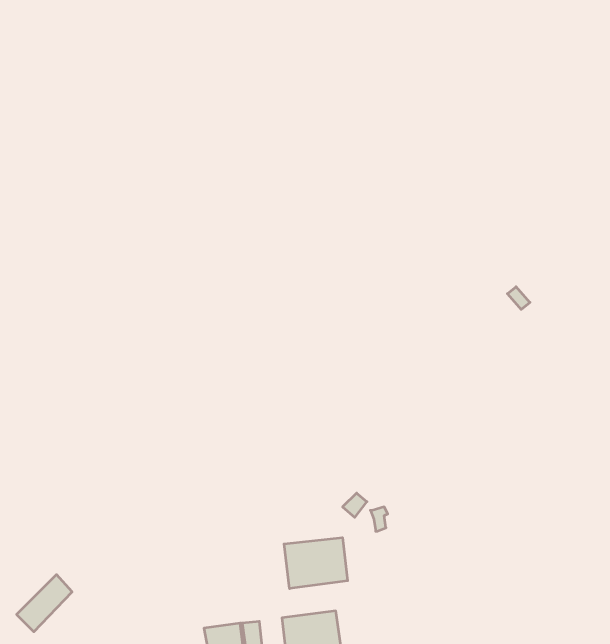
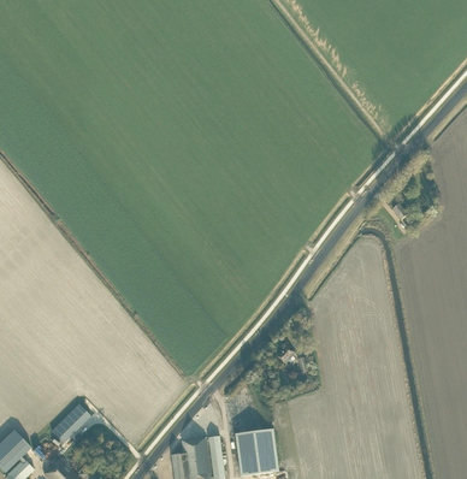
building: [284,538,348,589] -> none

